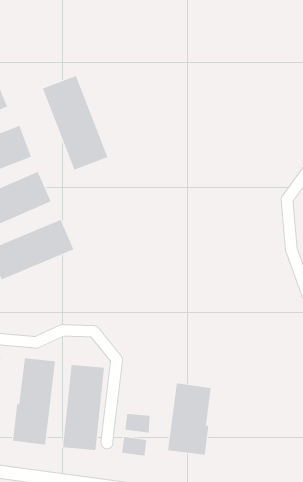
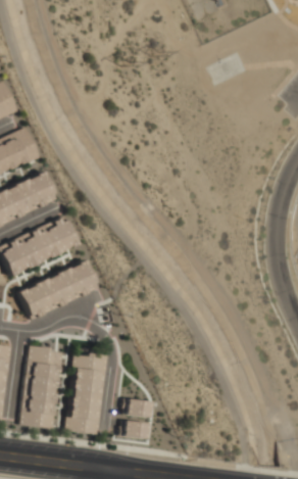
building: [42,75,108,171] -> none
building: none -> [19,261,100,319]
building: [168,383,211,456] -> none

